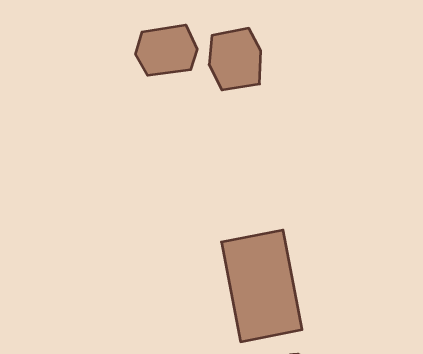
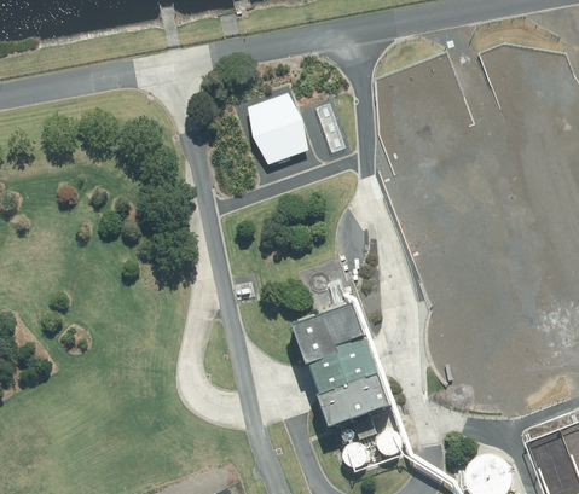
building: [136,25,197,75] -> none

